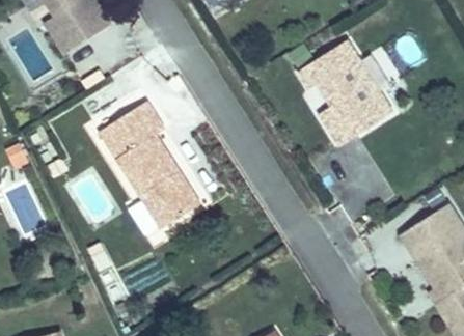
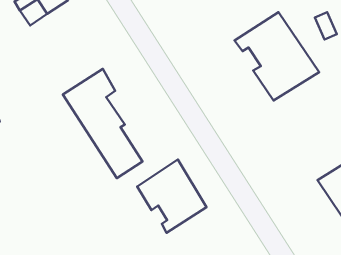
building: none -> [137,160,206,233]

